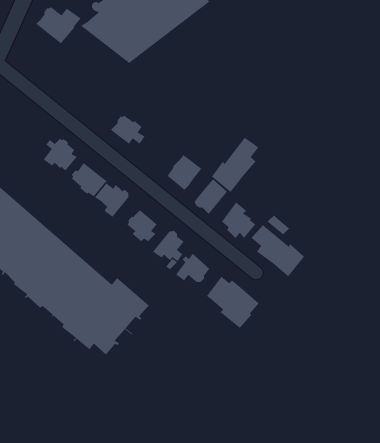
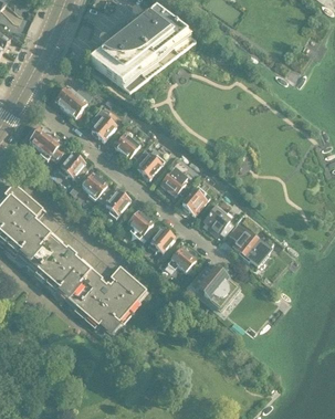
building: [36,6,81,44] -> [53,85,91,116]
building: none -> [88,111,115,140]
building: none -> [28,125,63,160]
building: none -> [134,148,164,178]
building: [211,137,259,193] -> none

